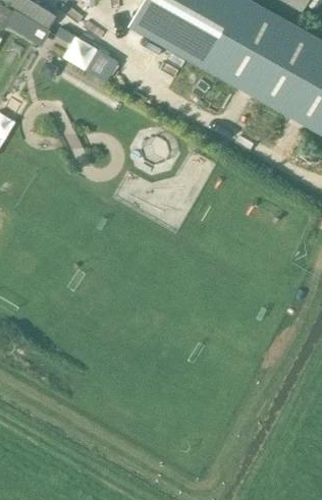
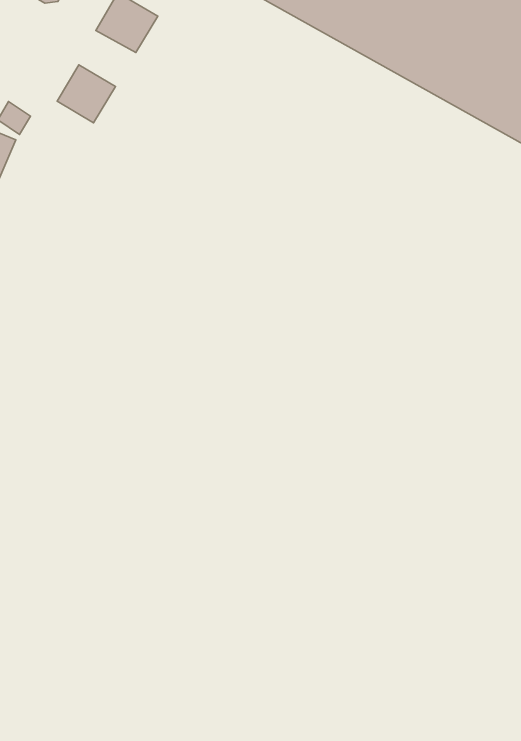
building: [85,49,117,81] -> [57,65,115,123]

